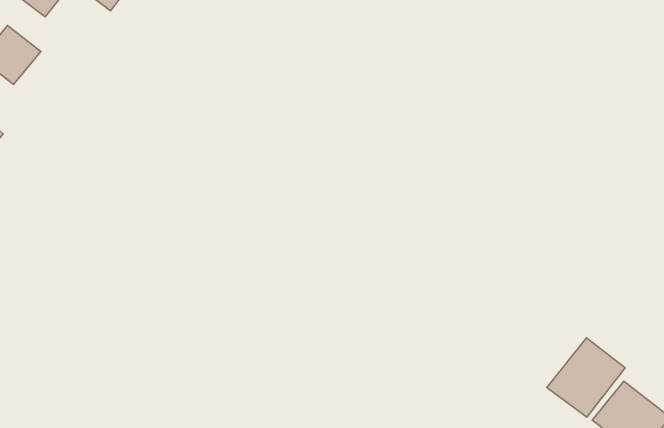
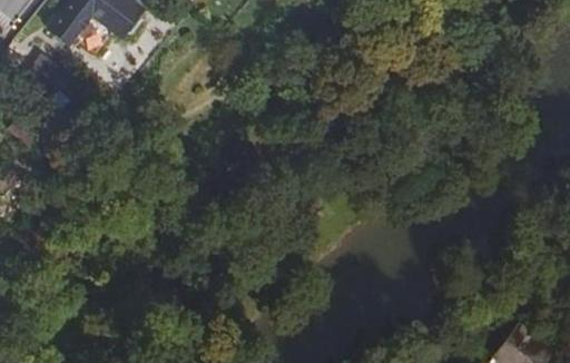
building: [547,338,625,417] -> none

